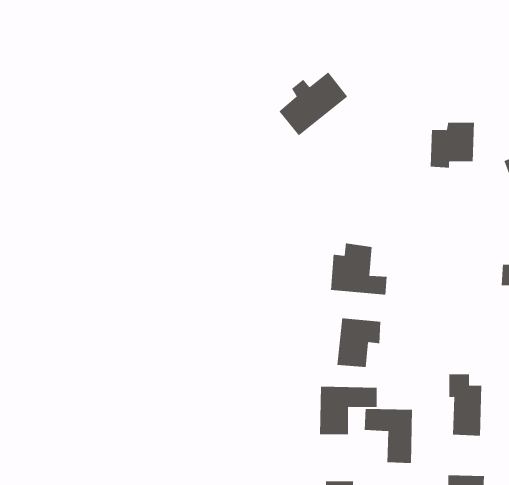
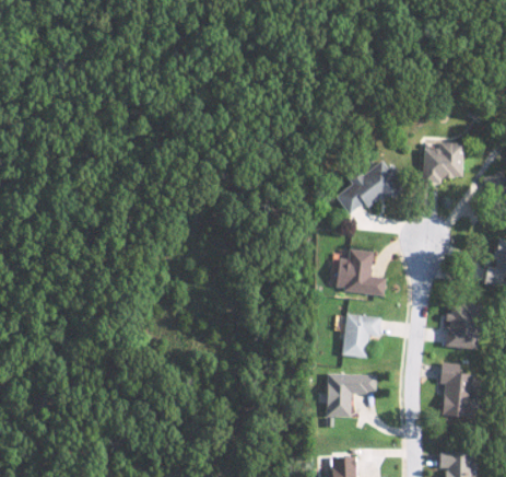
building: [279,72,348,136] -> [336,162,397,219]
building: none -> [444,305,478,350]
building: [364,408,412,464] -> none

